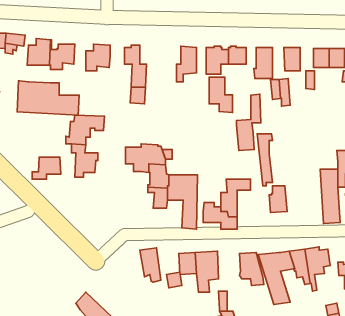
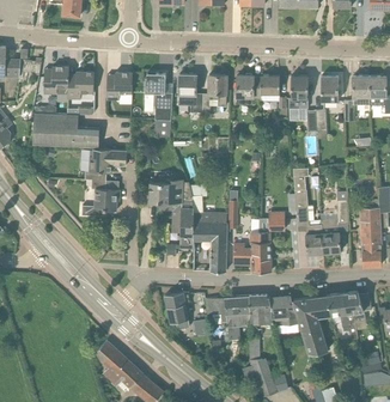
building: [209,77,232,113] -> [179,74,205,112]
building: [236,94,261,151] -> [322,191,348,252]
building: [32,157,61,179] -> none
building: none -> [249,294,274,325]

